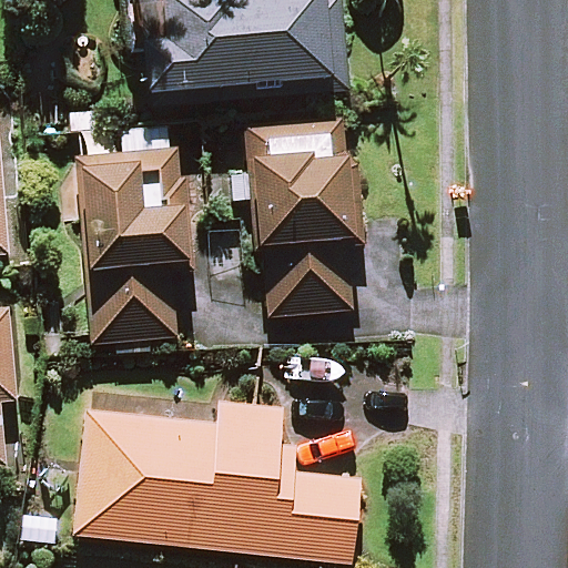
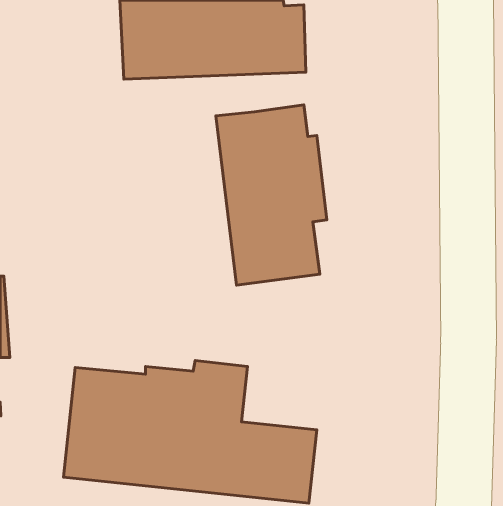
building: [78,150,190,344] -> none

